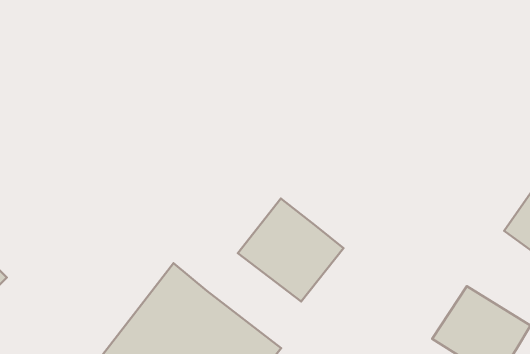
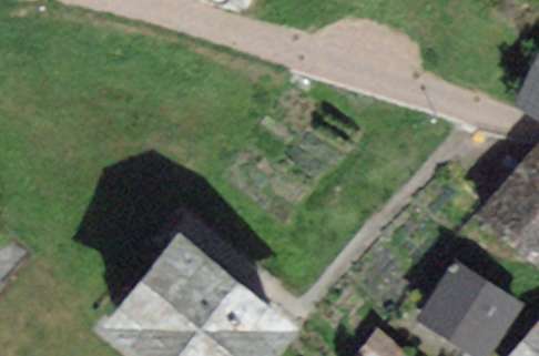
building: [238,198,344,301] -> none

